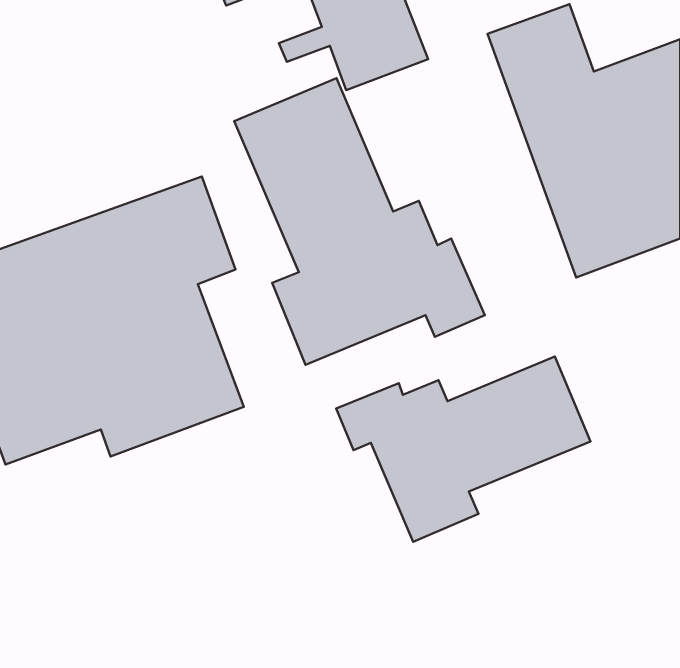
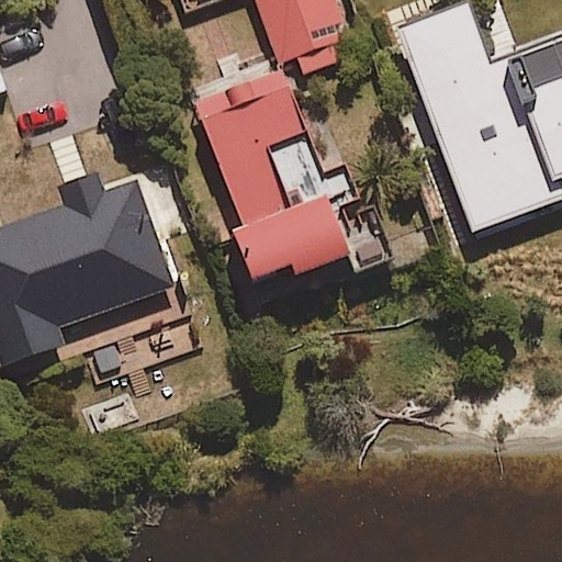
building: [336,356,590,542] -> none

